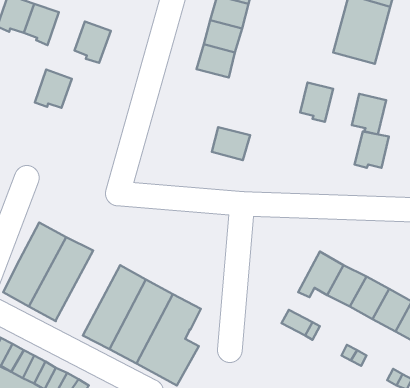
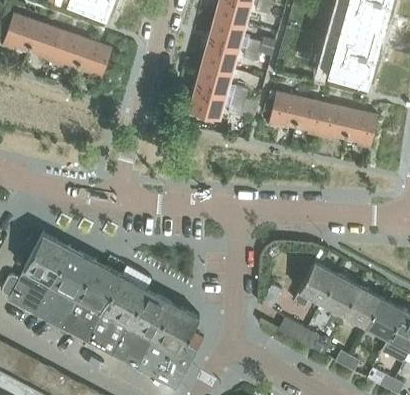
building: [35,69,72,108] -> [51,31,87,68]
building: none -> [268,93,302,128]
building: [212,127,250,160] -> [189,86,226,118]
building: [355,131,389,168] -> [319,105,352,140]
building: none -> [59,261,121,342]

